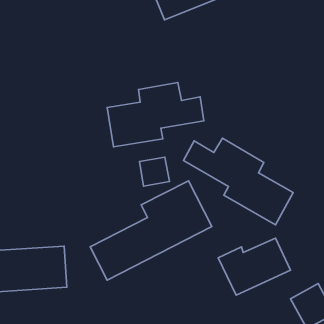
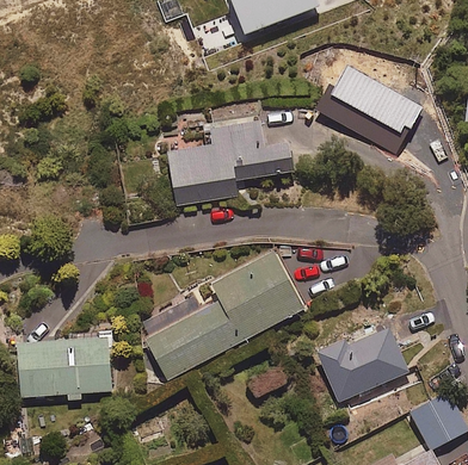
building: none -> [316,58,426,153]
building: [184,138,293,225] -> none
building: [139,157,170,186] -> none

